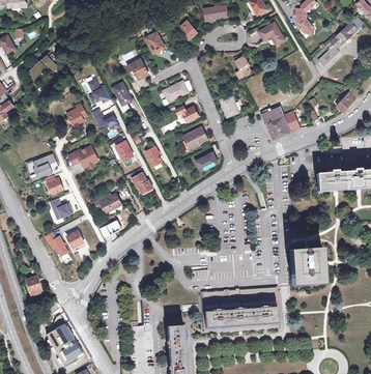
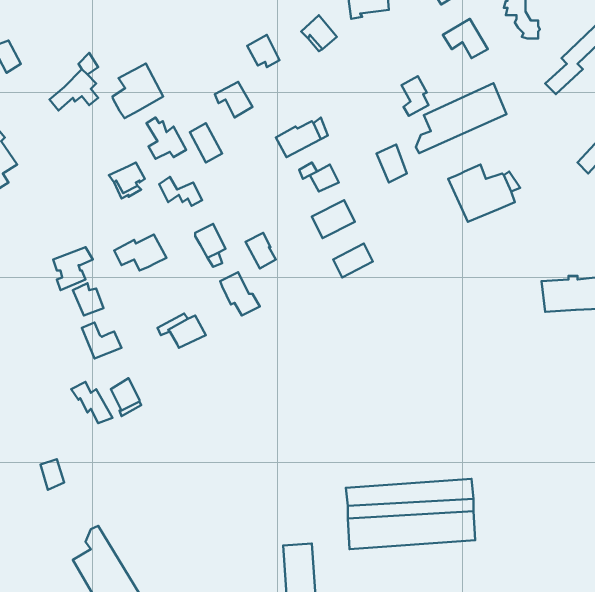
building: none -> [113,63,163,118]
building: none -> [416,83,506,153]
building: [289,247,324,286] -> none

